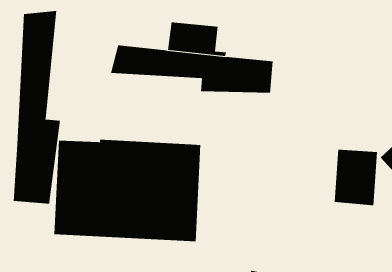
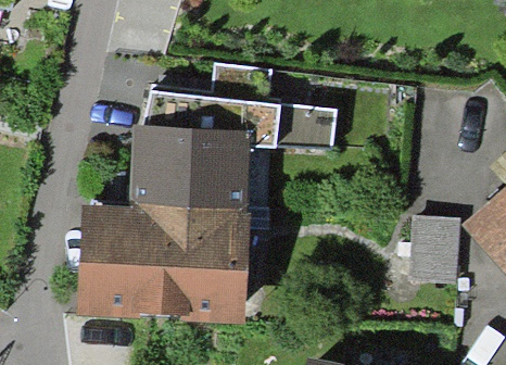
building: [13,10,61,204] -> none
building: none -> [130,125,251,210]

